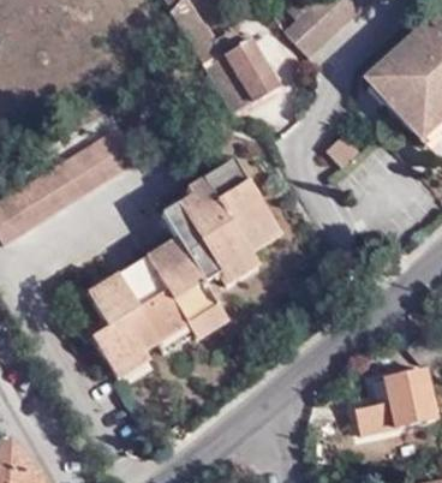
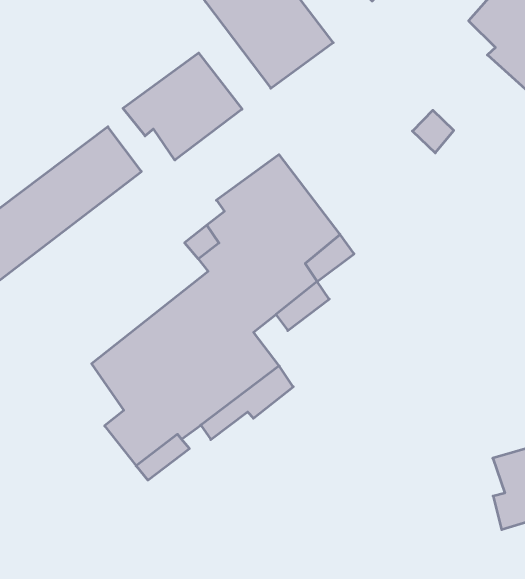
building: none -> [123,53,242,160]

